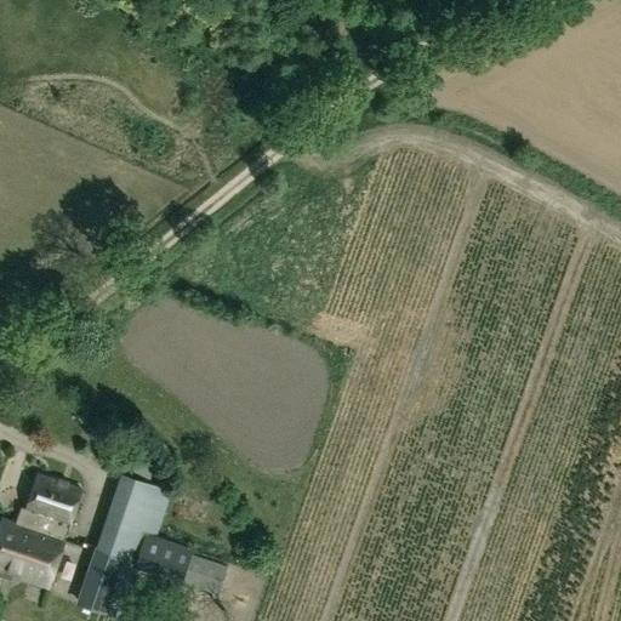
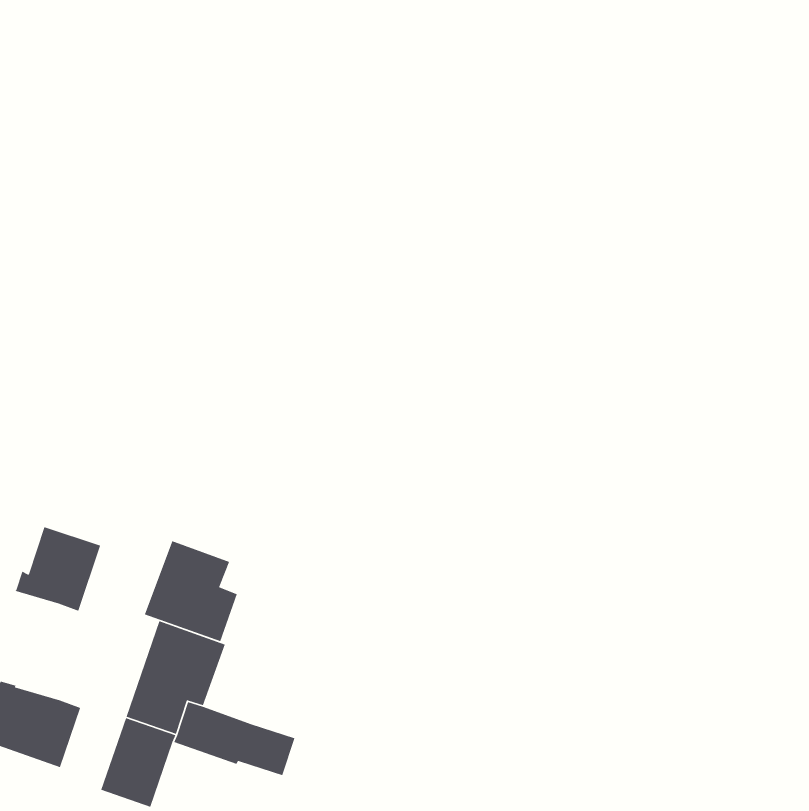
building: none -> [144,540,238,642]
building: [12,475,79,541] -> [14,526,101,612]

